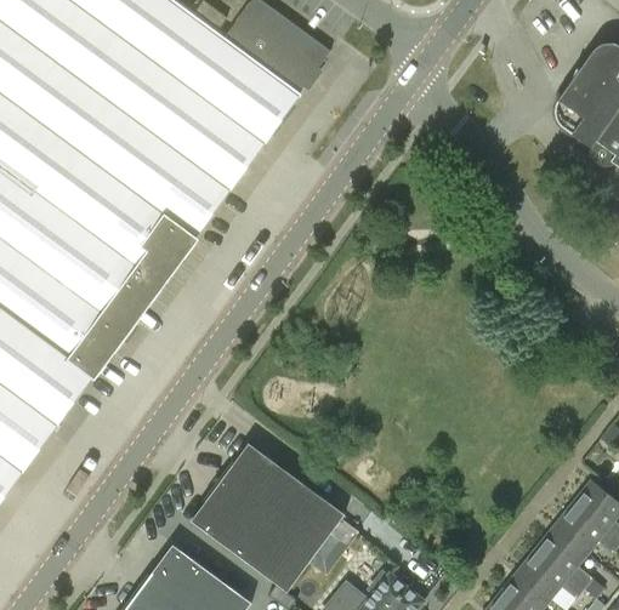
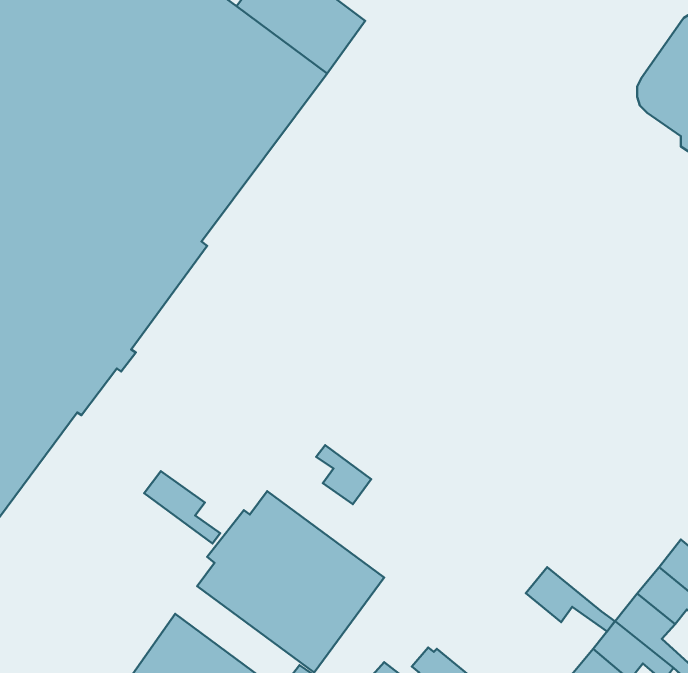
building: none -> [316,445,371,504]
building: none -> [144,471,220,543]
building: none -> [526,567,615,631]

